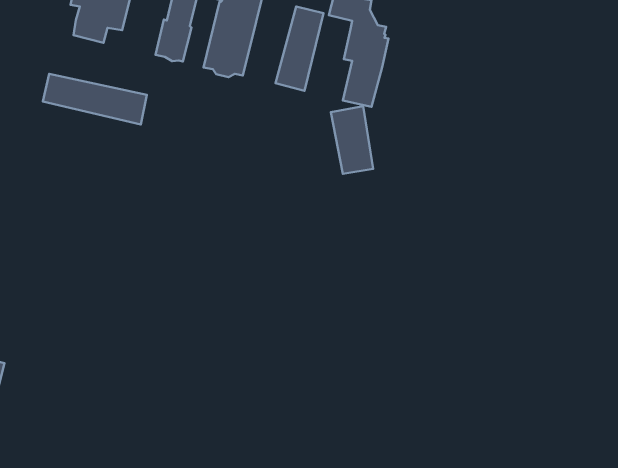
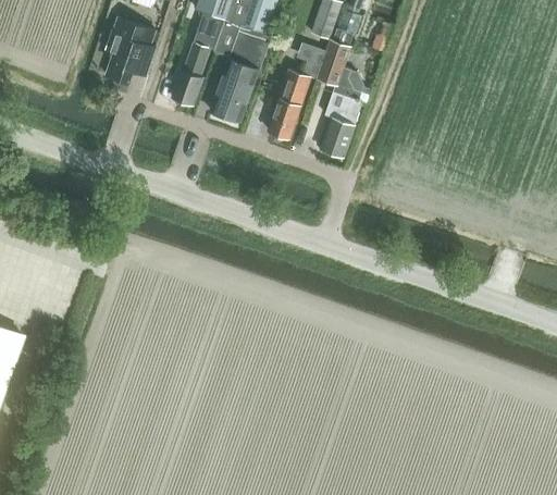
building: [43,74,147,125] -> none
building: [331,106,373,174] -> none

